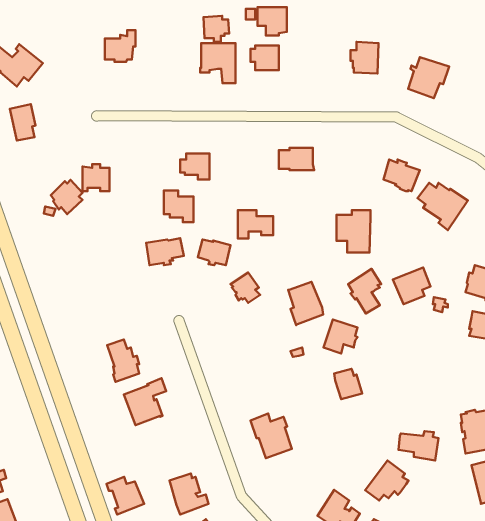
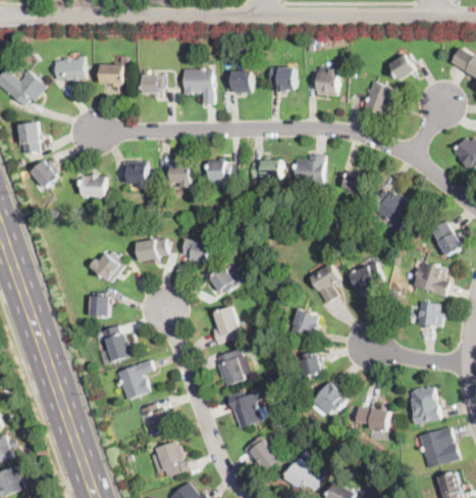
building: [258,7,287,35] -> [269,67,295,92]
building: [203,16,229,42] -> [142,73,164,96]
building: none -> [387,53,415,80]
building: none -> [55,55,85,82]
building: [51,180,82,214] -> [31,159,58,189]
building: [164,191,193,222] -> [121,160,147,188]
building: [337,210,371,253] -> [295,155,324,192]
building: [238,210,273,239] -> [208,160,239,185]
building: none -> [89,249,125,283]
building: [288,282,323,325] -> [210,306,241,344]
building: none -> [89,296,109,315]
building: none -> [215,348,250,386]
building: [365,461,409,501] -> [309,382,347,416]
building: none -> [243,436,279,474]
building: [106,477,144,514] -> [140,404,172,437]

